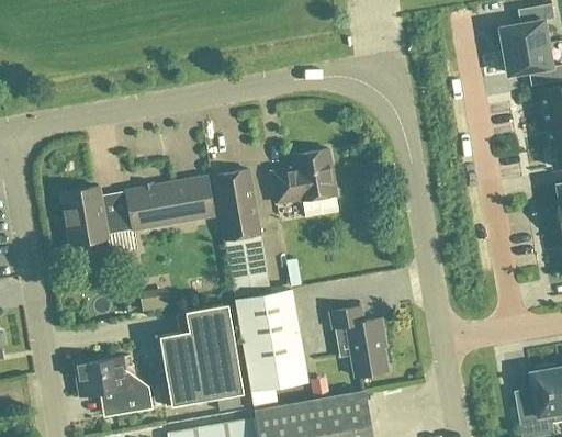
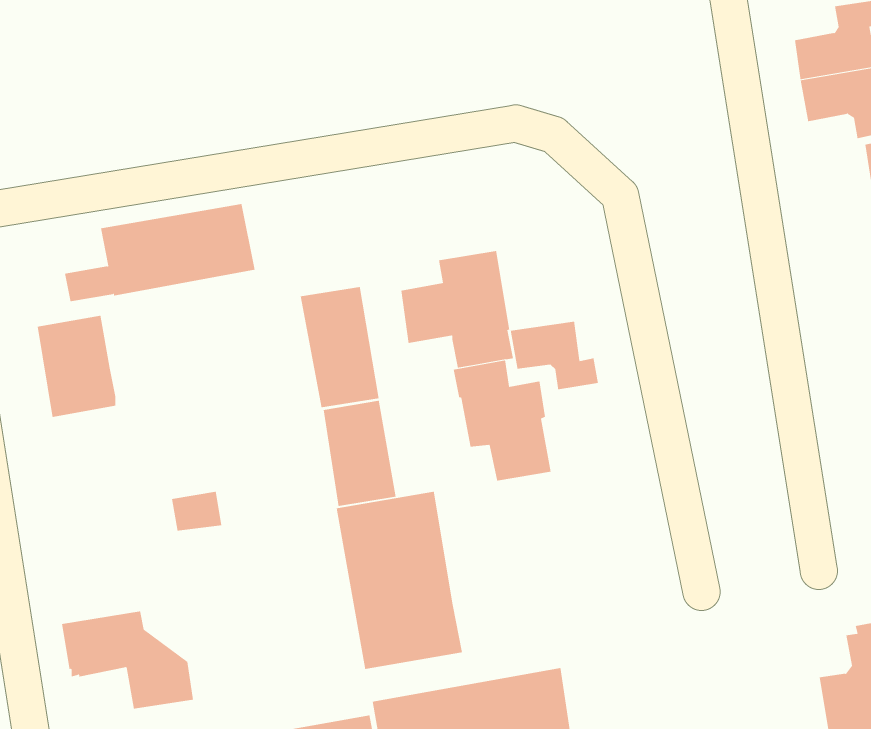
building: [104,177,215,234] -> [64,203,255,302]
building: none -> [510,321,598,390]
building: [158,304,244,411] -> none
building: [330,306,387,377] -> [453,360,551,481]

